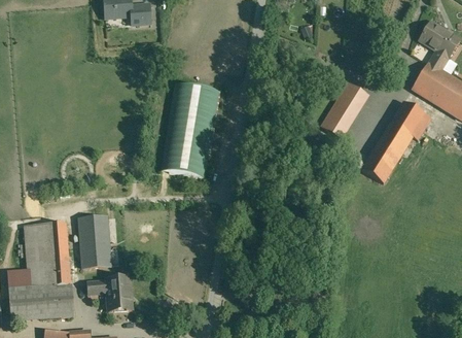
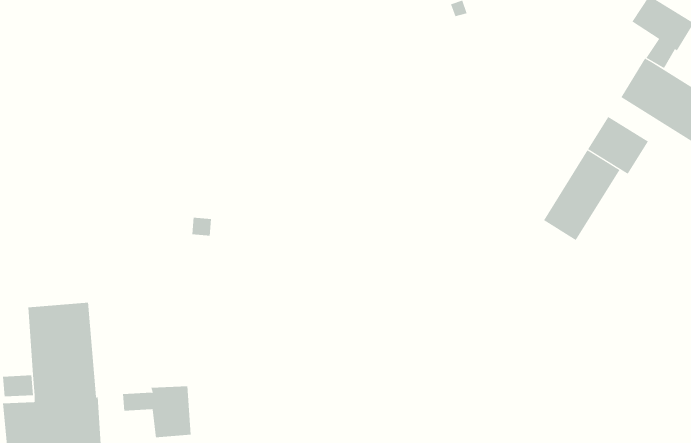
building: [159,82,220,177] -> none
building: [322,82,367,138] -> none
building: [80,219,109,267] -> none

